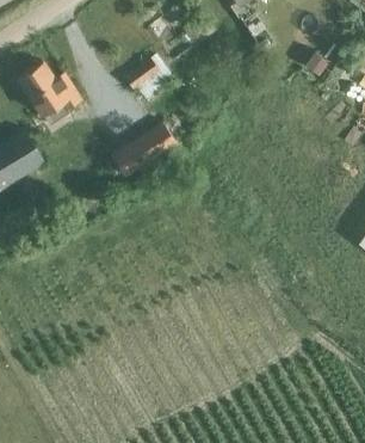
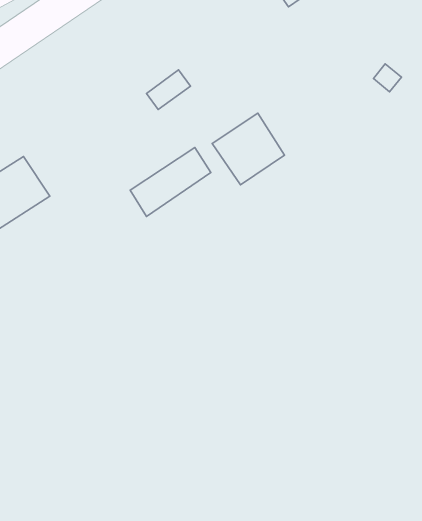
building: [18,60,78,111] -> none
building: none -> [212,113,285,185]

